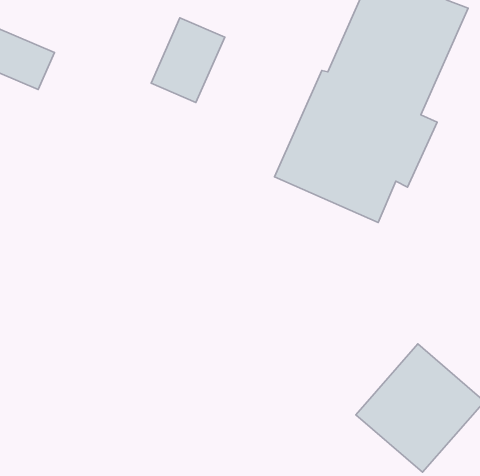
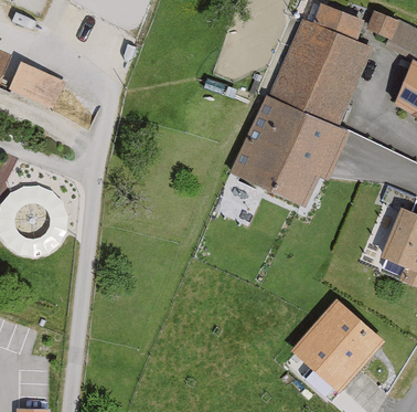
building: [151,18,225,102] -> none

